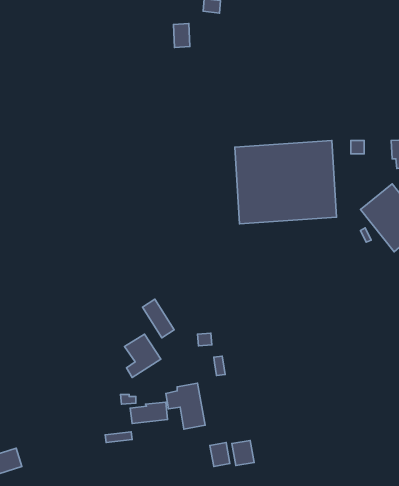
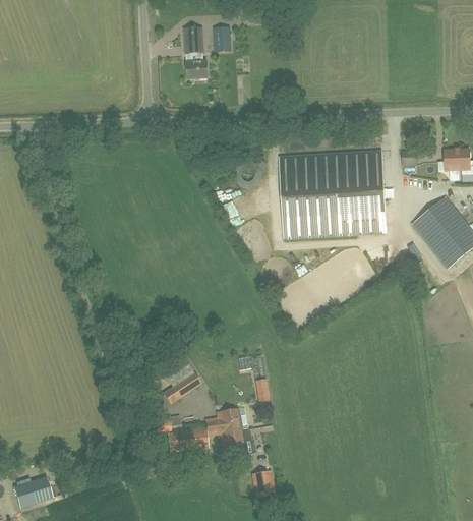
building: none -> [184,26,206,77]
building: [142,299,174,338] -> none
building: [232,441,254,465] -> none

